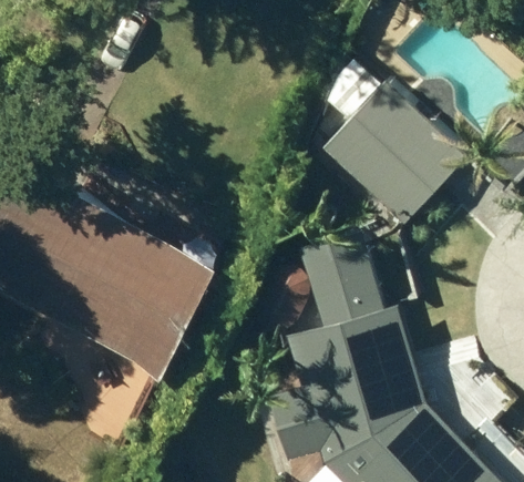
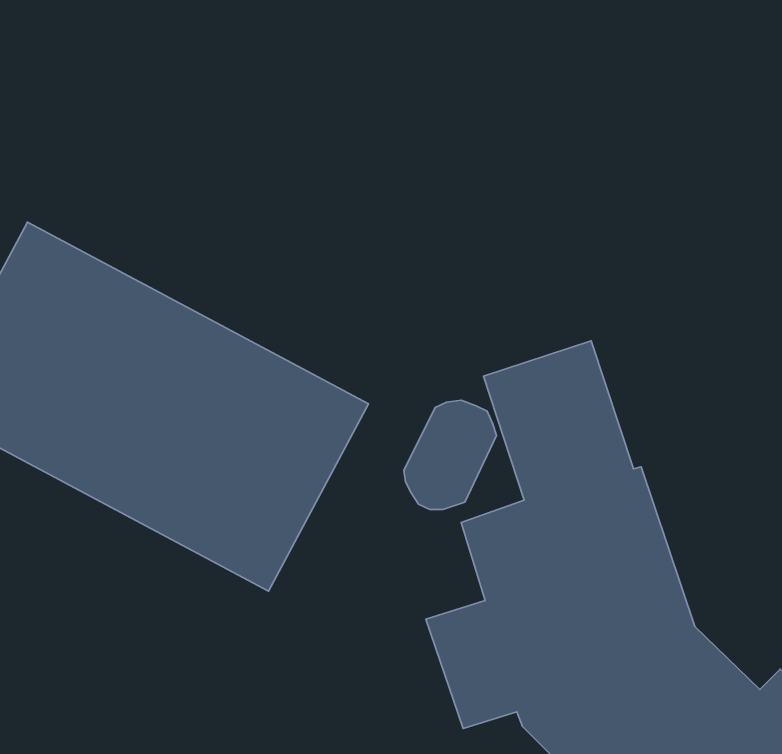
building: [319,84,463,230] -> none

